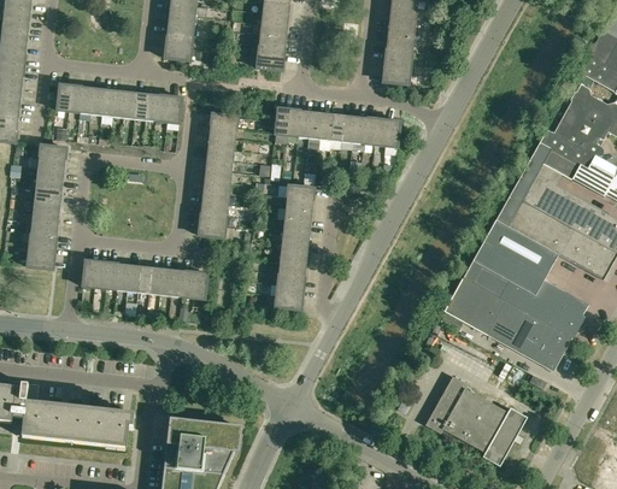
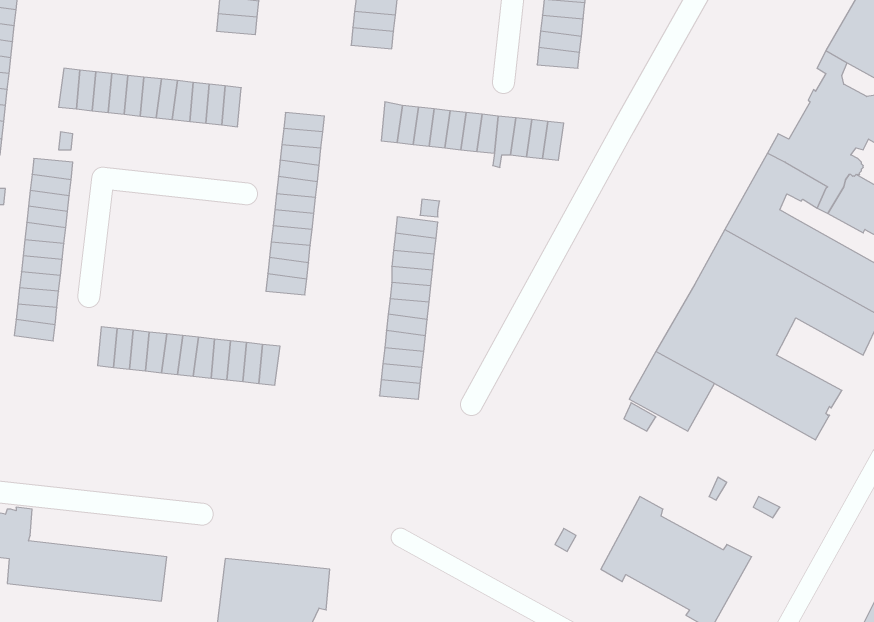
building: [484,297,571,369] -> none

